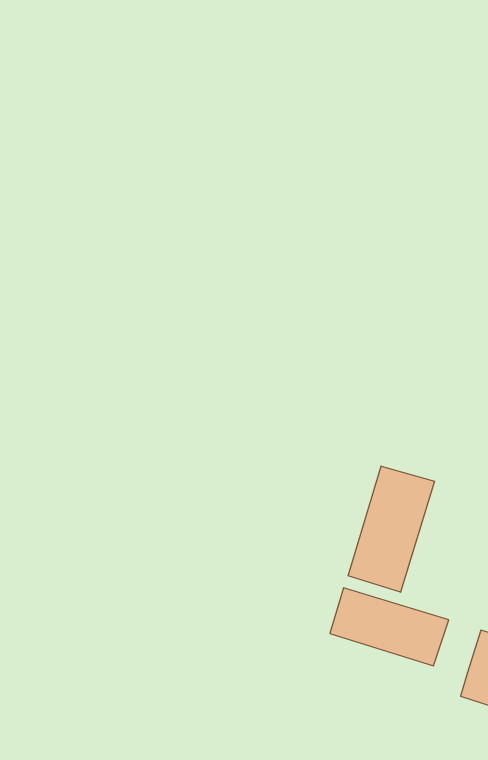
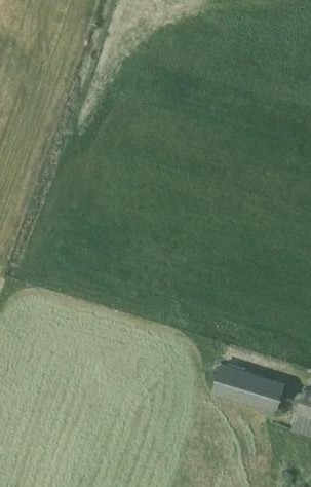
building: [348,466,434,592] -> none

